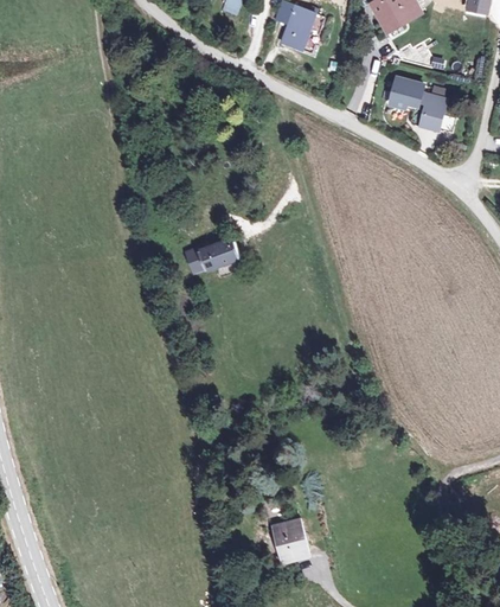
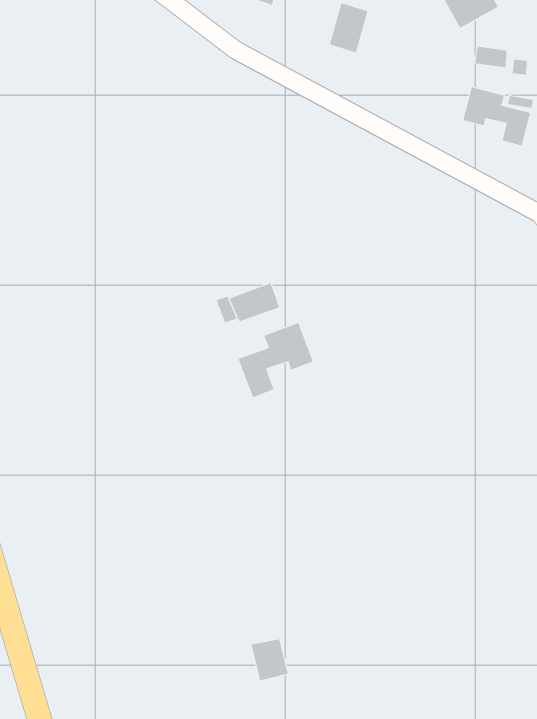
building: none -> [238,322,314,398]
building: [277,518,308,552] -> [251,639,288,681]

